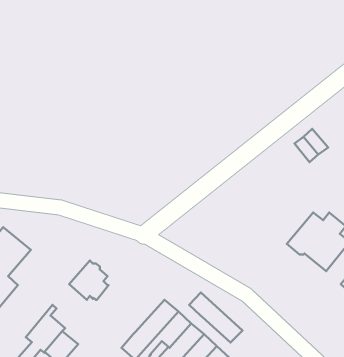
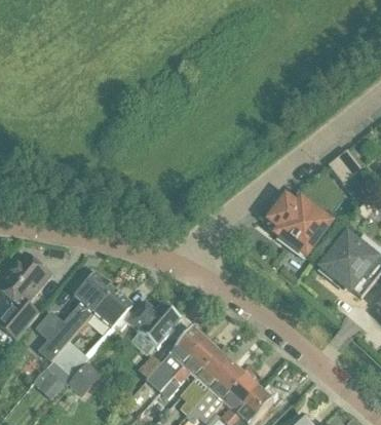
building: none -> [261,198,330,258]
building: none -> [37,270,114,358]
building: none -> [127,299,180,346]
building: [189,292,242,343] -> none

